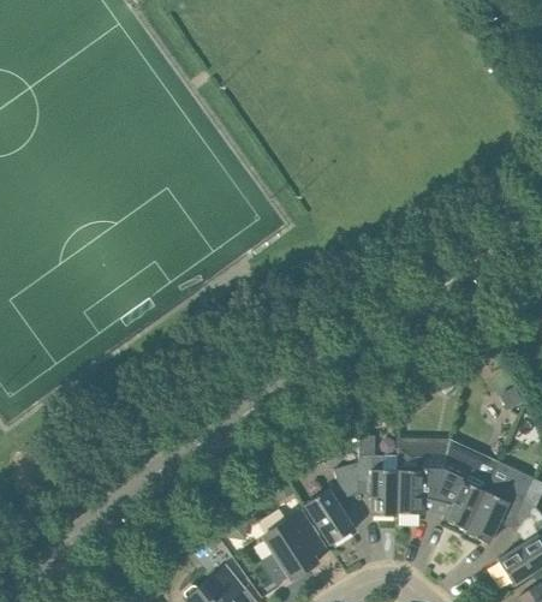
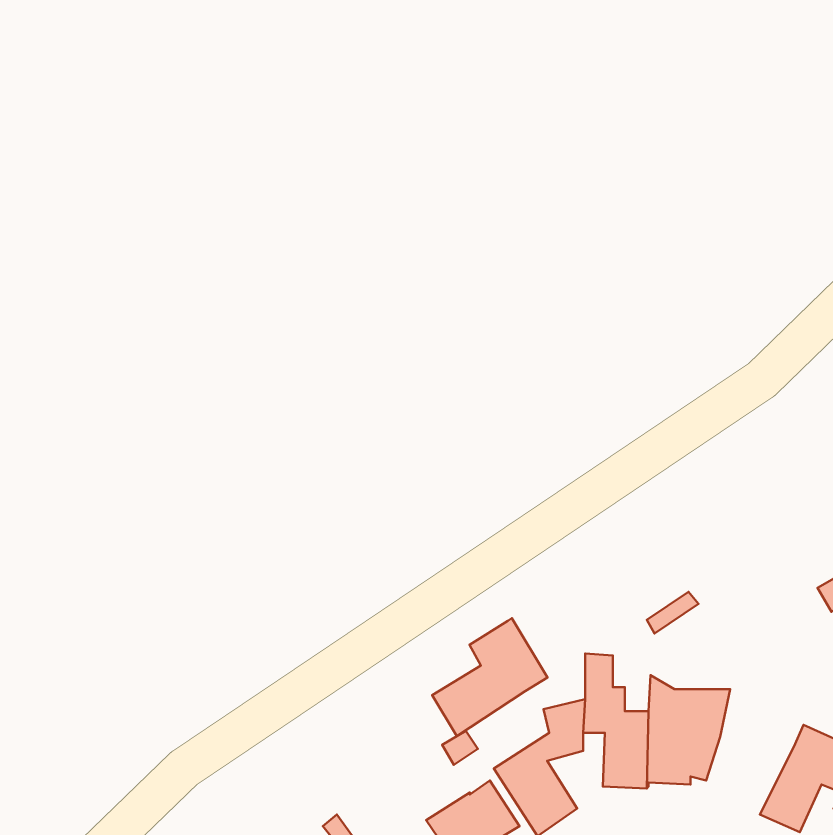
building: none -> [432,618,547,736]
building: [434,439,496,532] -> none

